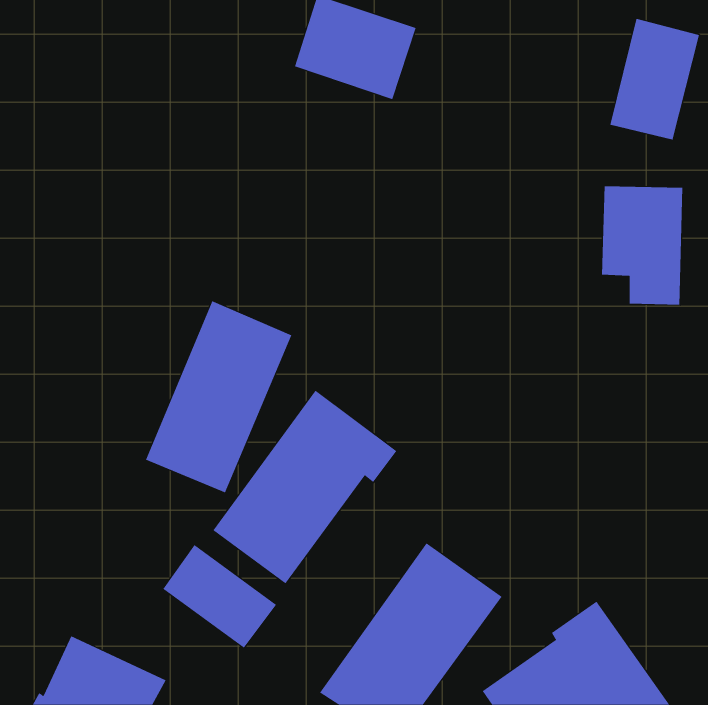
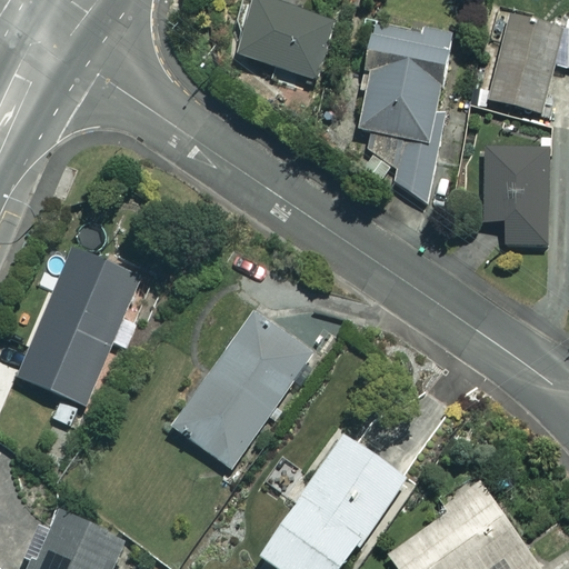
building: none -> [356,23,455,203]
building: [145,300,292,493] -> [21,250,139,405]
building: [163,544,277,648] -> none

